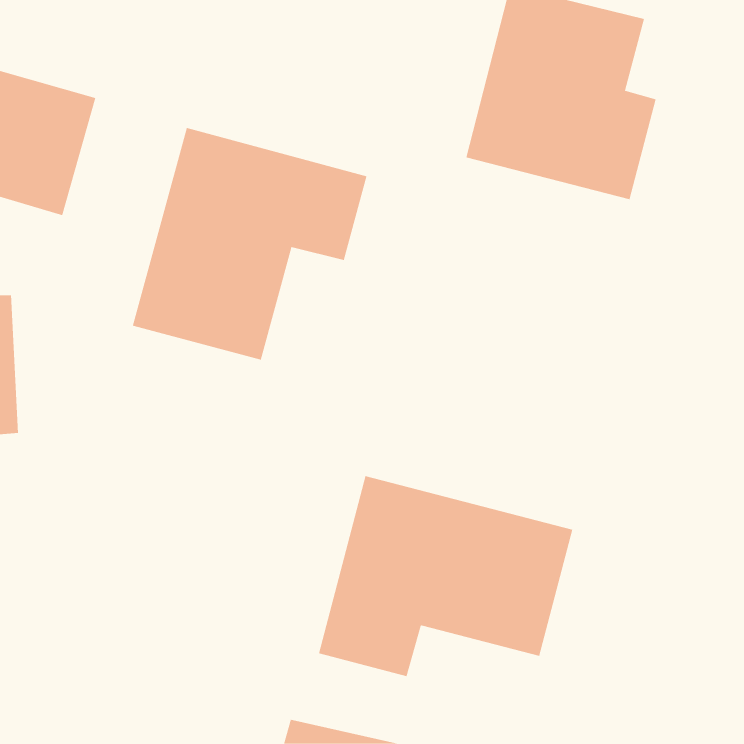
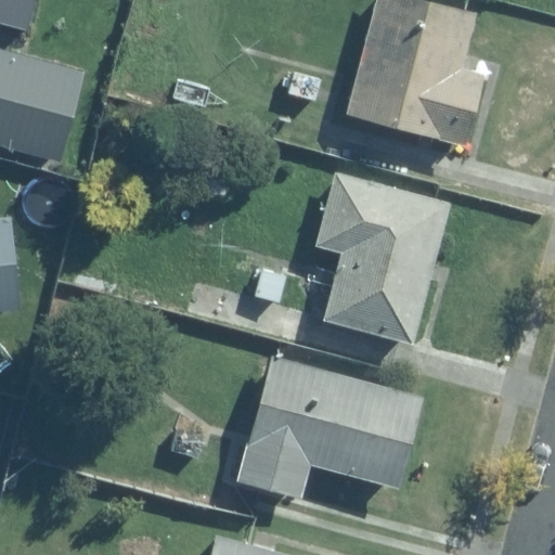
building: [132,127,367,360] -> none
building: none -> [312,173,453,348]

